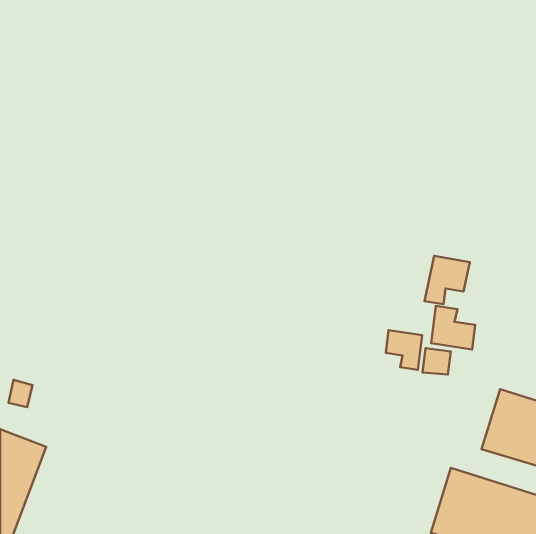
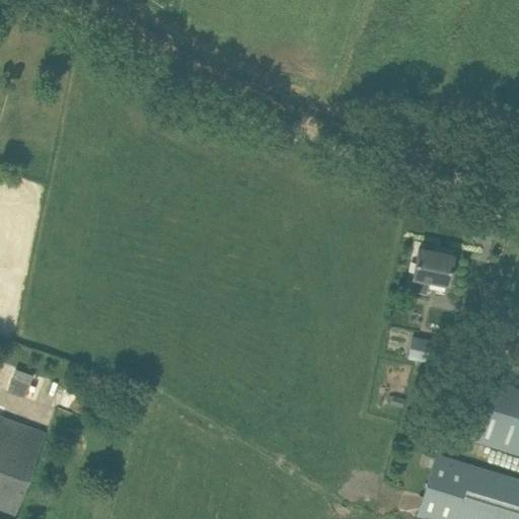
building: [431,306,475,349] -> none
building: [386,330,422,370] -> none

